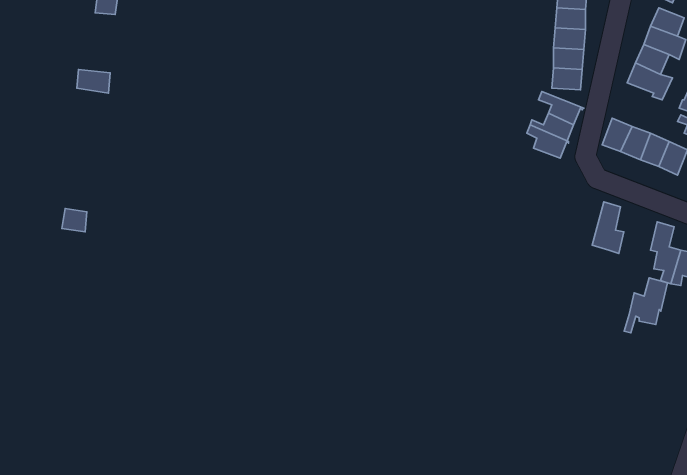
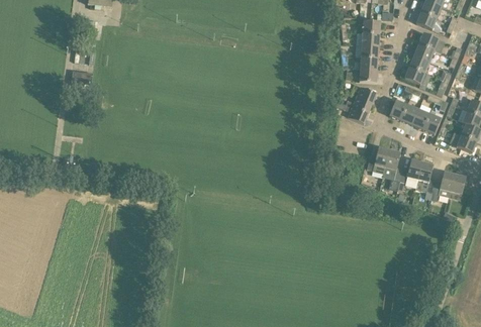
building: none -> [367,146,390,176]
building: [624,278,668,333] -> [396,158,422,192]

